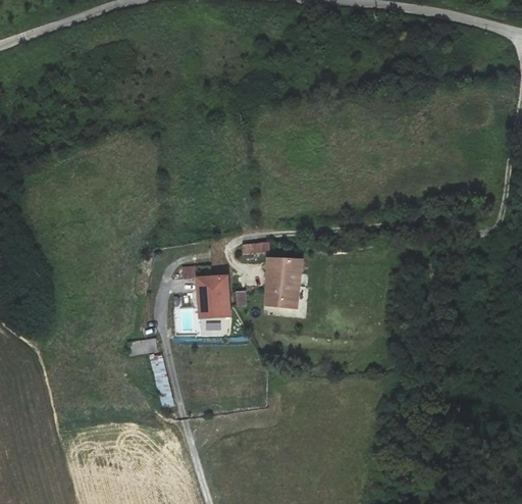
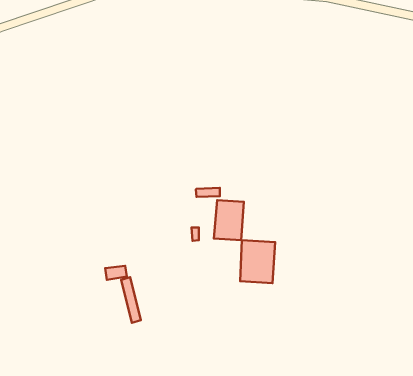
building: [198,274,229,317] -> none
building: none -> [240,240,275,283]

